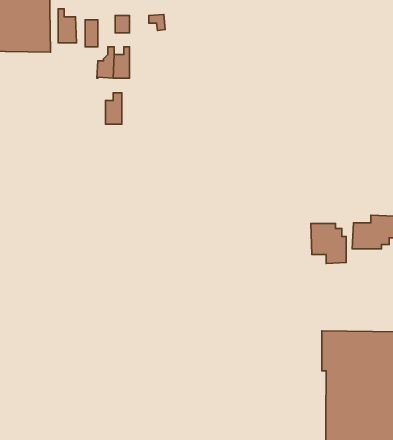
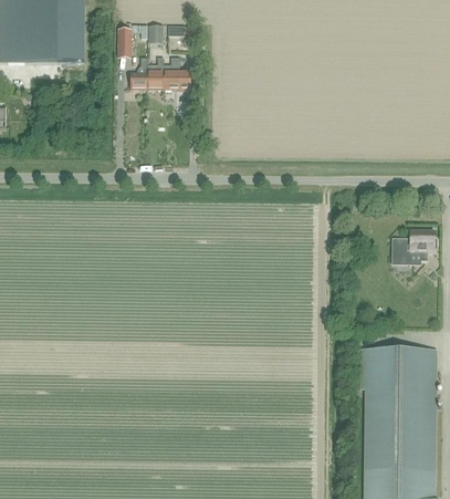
building: [58,9,77,43] -> none
building: [105,93,122,124] -> [163,56,179,89]
building: [311,223,346,264] -> none

